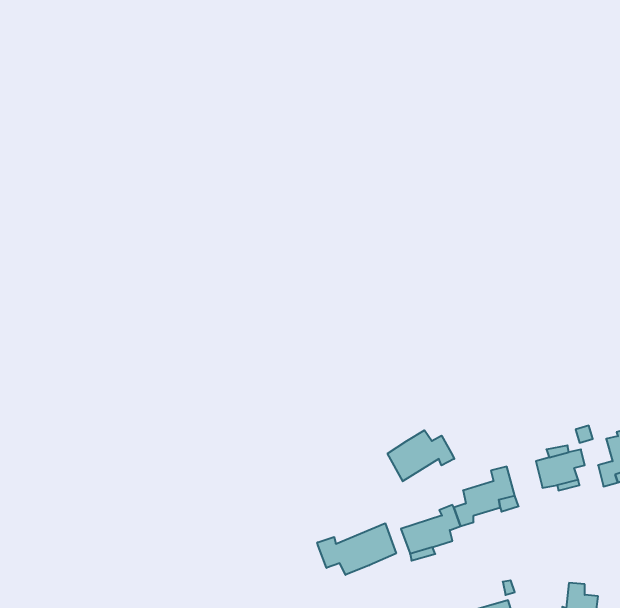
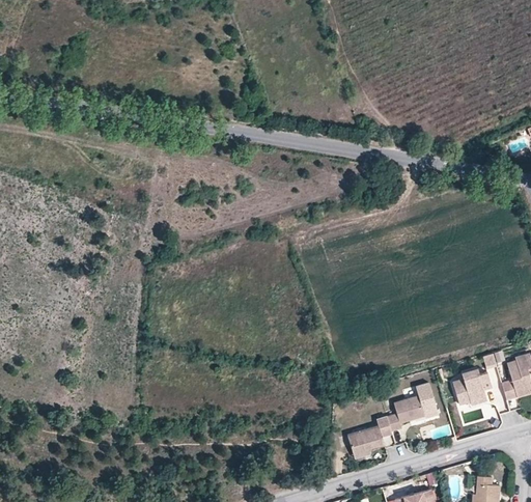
building: [388,430,454,481] -> none
building: [317,523,396,575] -> none

